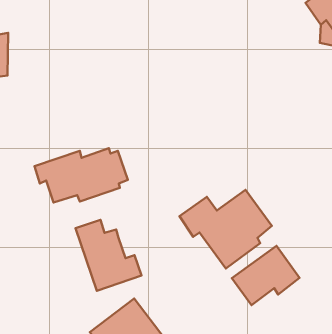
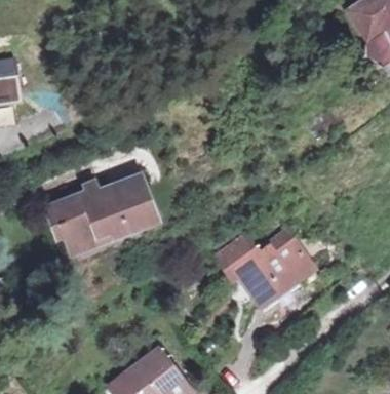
building: [75,220,142,291] -> none
building: [232,246,300,305] -> none

